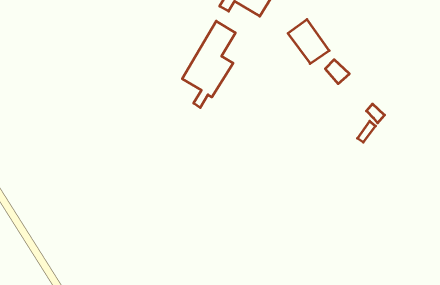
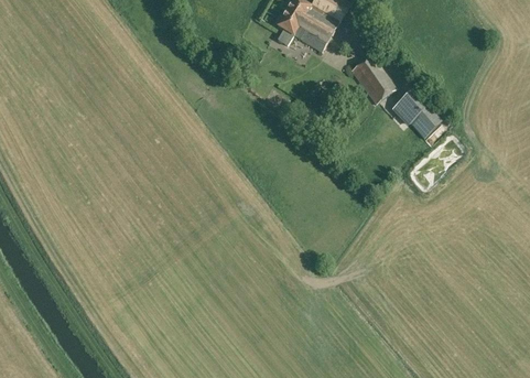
building: [182,21,235,108] -> none
building: none -> [401,91,439,138]

